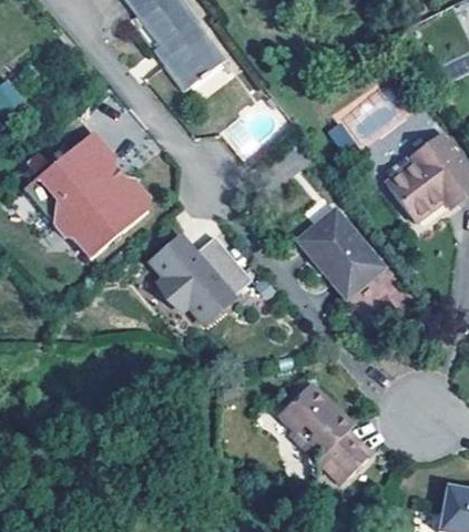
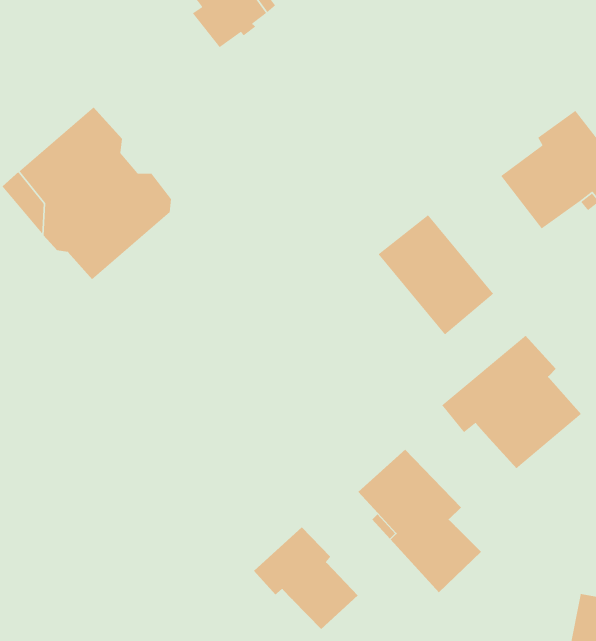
building: [154,237,253,323] -> none
building: none -> [441,335,582,469]
building: none -> [253,527,359,630]

